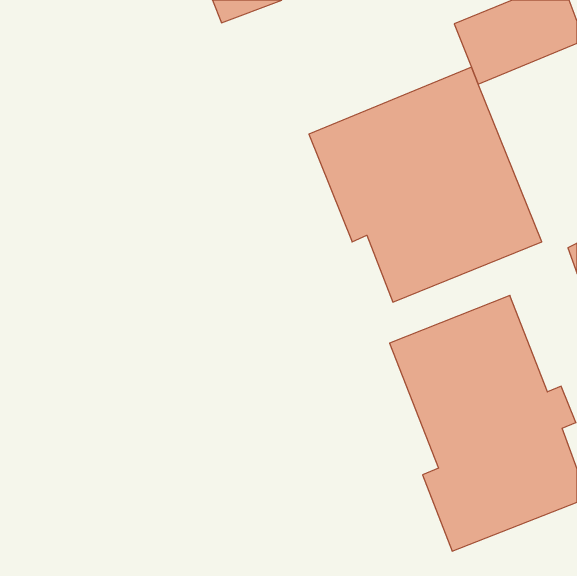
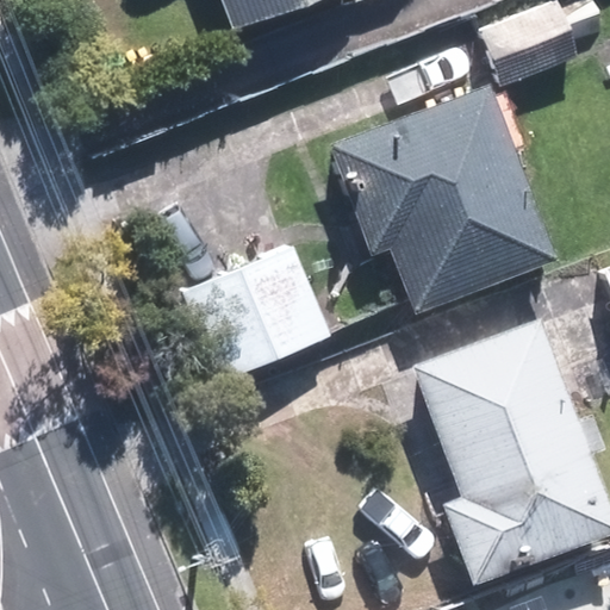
building: none -> [210,245,330,373]

